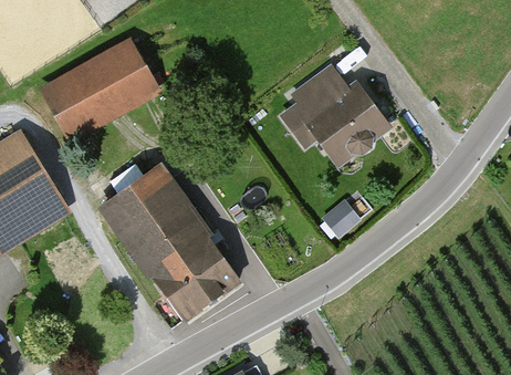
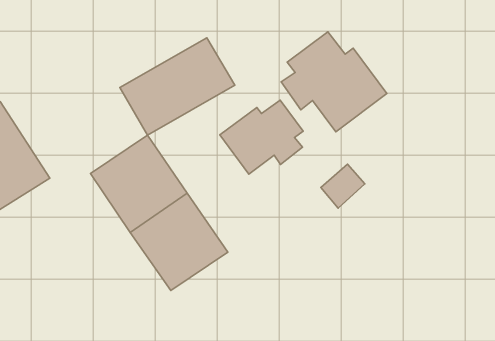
building: [44,44,154,137] -> [120,38,235,135]
building: none -> [220,100,303,174]

